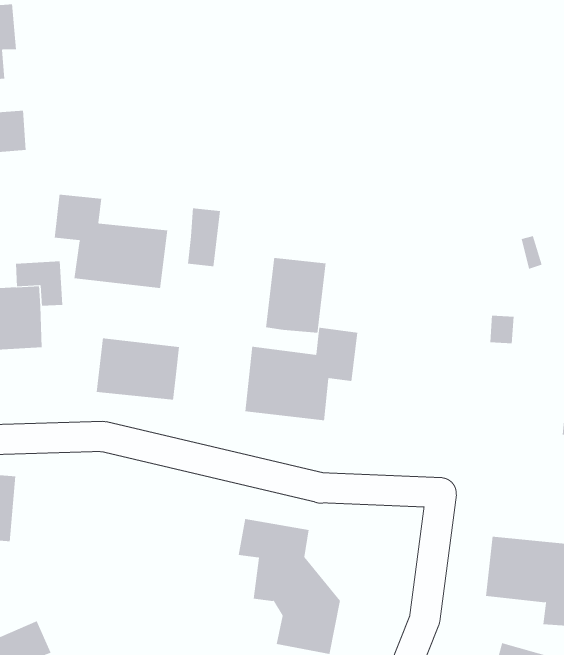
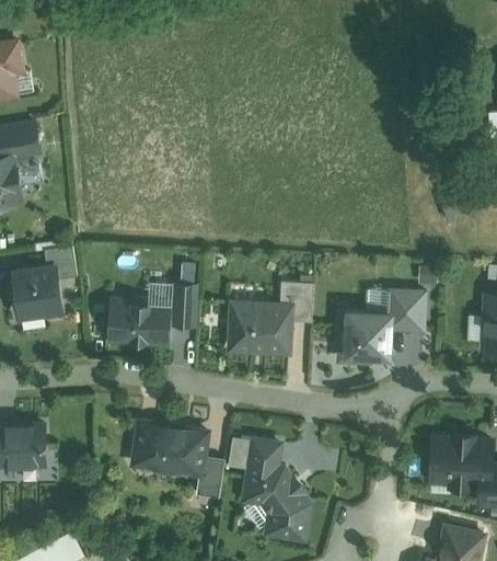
building: [54,194,168,289] -> none
building: [187,208,221,267] -> [171,282,195,328]
building: [265,257,326,334] -> none
building: none -> [336,289,427,368]
building: none -> [132,419,224,501]

